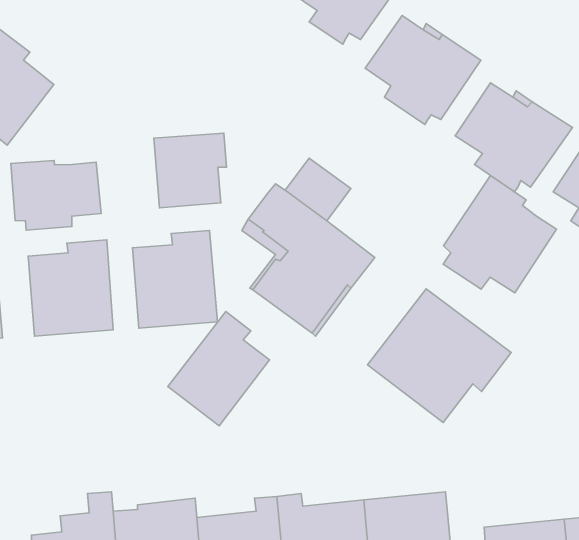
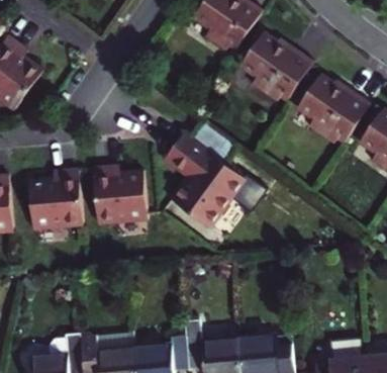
building: [154,133,226,208] -> none
building: [11,160,101,230] -> none
building: [443,175,556,293] -> none
building: [368,289,511,423] -> none
building: [168,312,270,426] -> none

